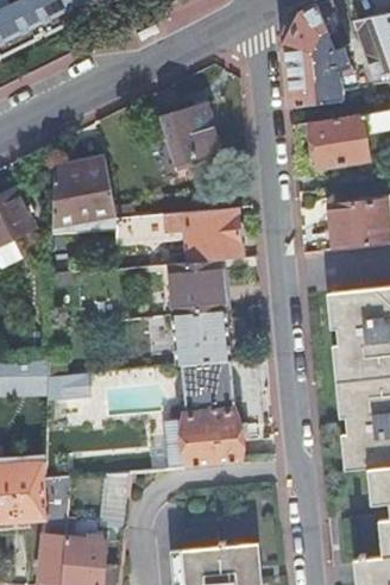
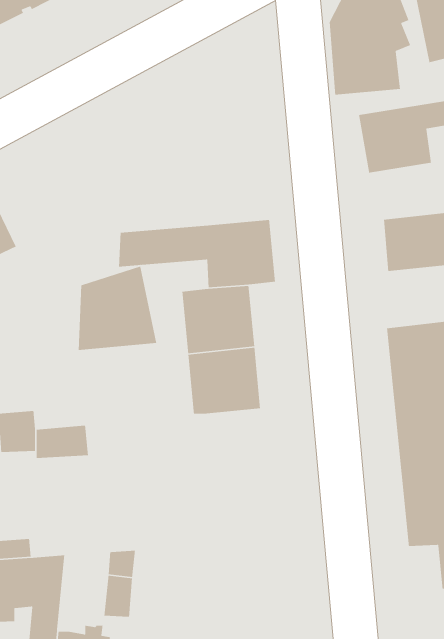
building: [159,102,219,183] -> none
building: [51,153,115,222] -> [78,266,157,351]
building: [163,359,239,468] -> none

